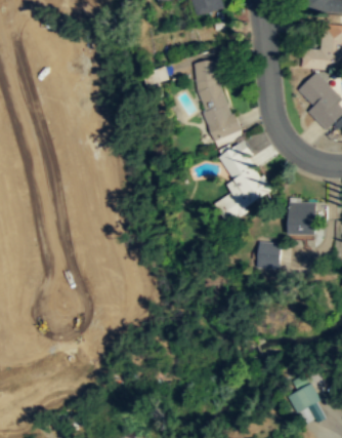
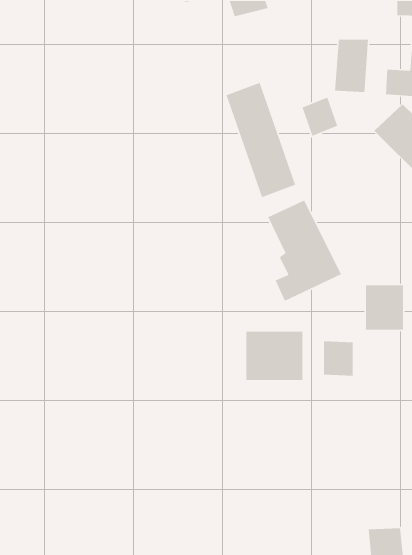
building: none -> [334,39,369,93]
building: none -> [302,97,338,137]
building: none -> [246,331,303,381]

